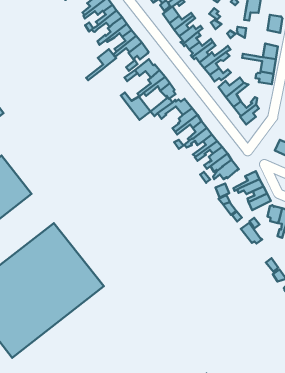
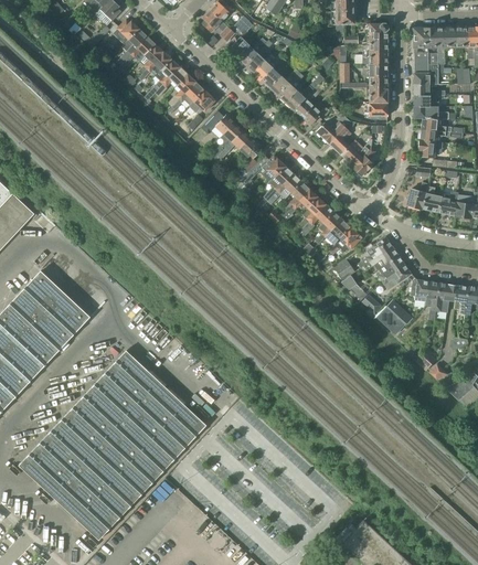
building: none -> [363,44,387,64]
building: [86,49,116,80] -> none
building: [121,92,150,120] -> none

